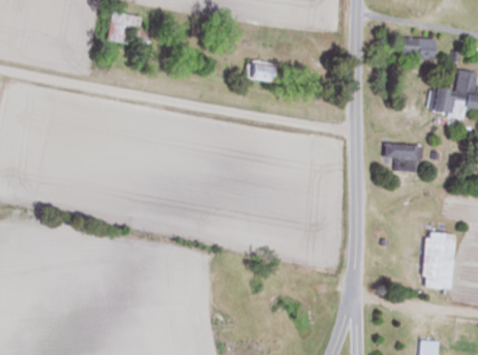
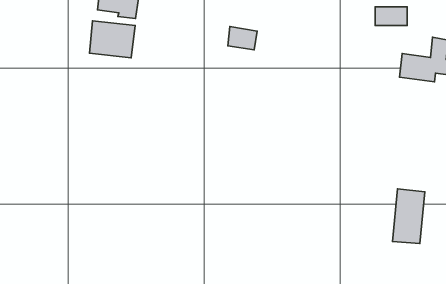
building: none -> [89,21,135,58]
building: [384,144,422,168] -> none

